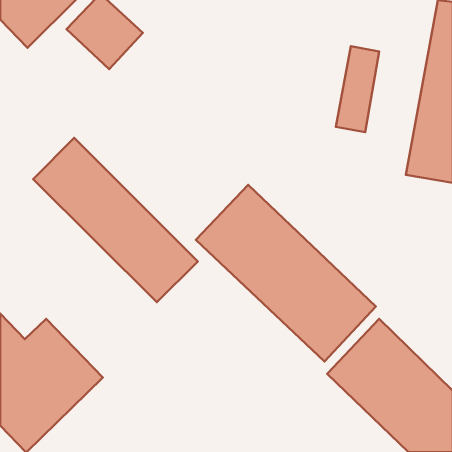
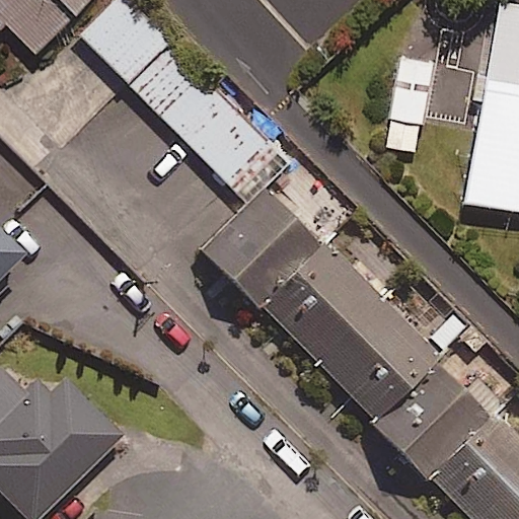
building: none -> [131,49,282,199]
building: [33,138,198,302] -> none

